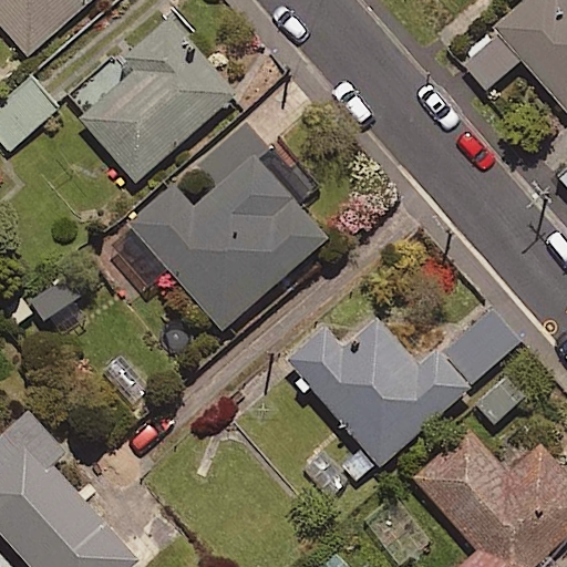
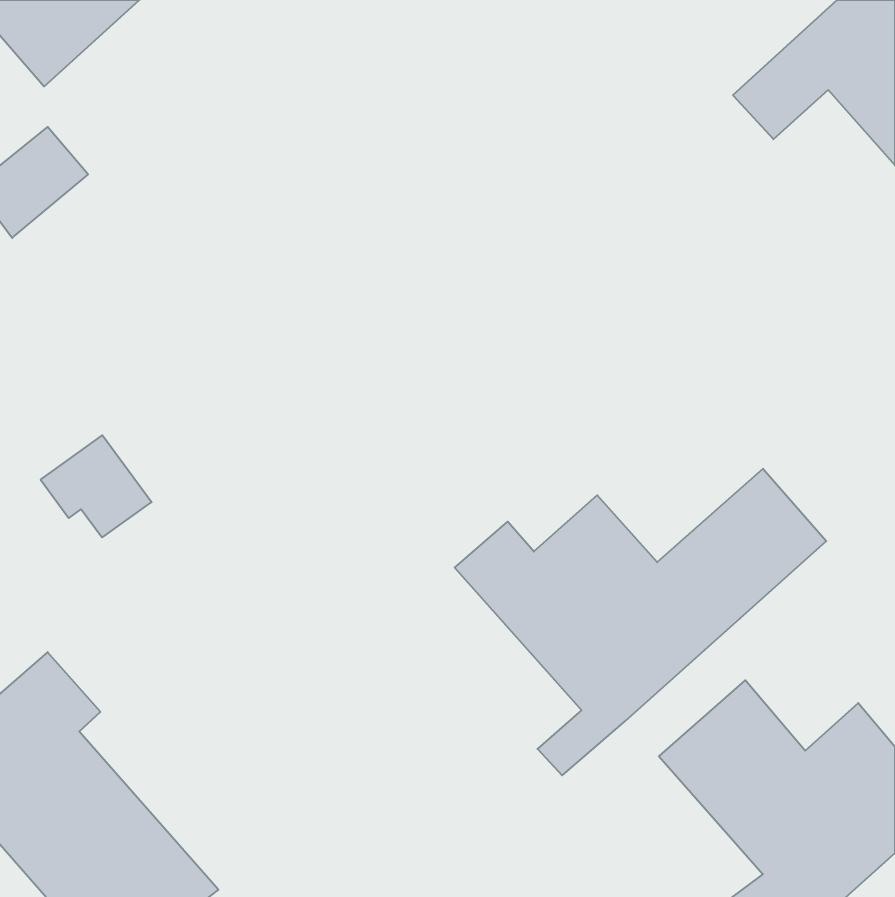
building: [74,24,238,185] -> none
building: [132,122,328,329] -> none

